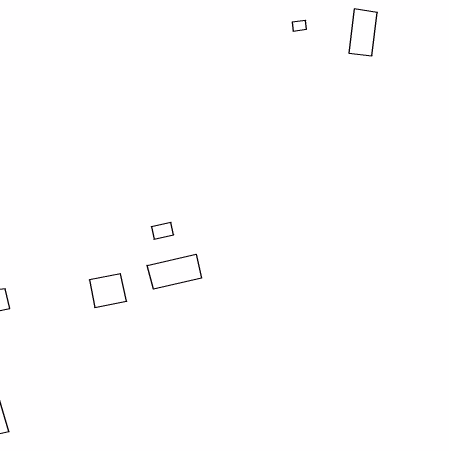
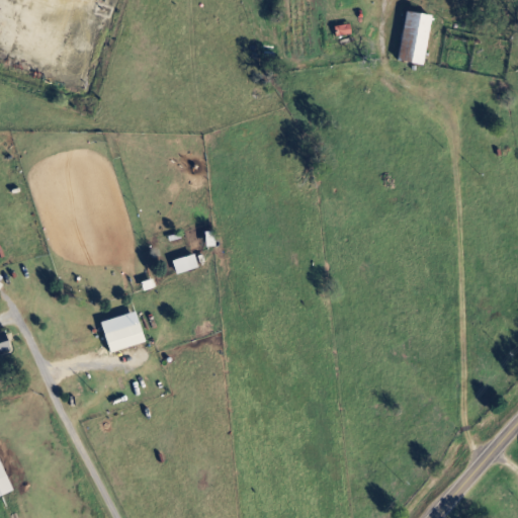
building: [147,254,201,289] -> none

